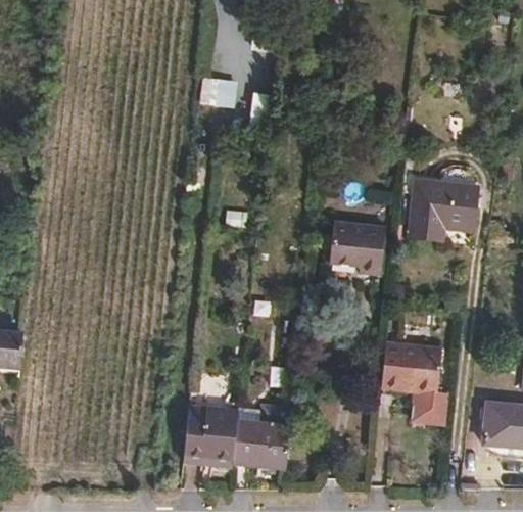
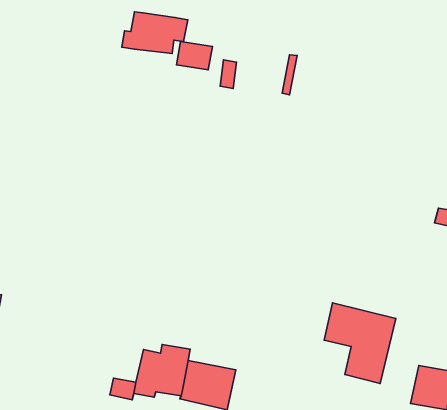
building: none -> [122,12,188,54]
building: [409,183,479,238] -> none
building: [330,219,384,271] -> none

